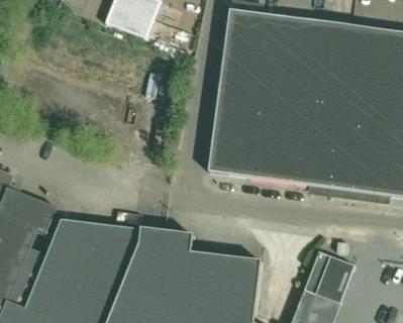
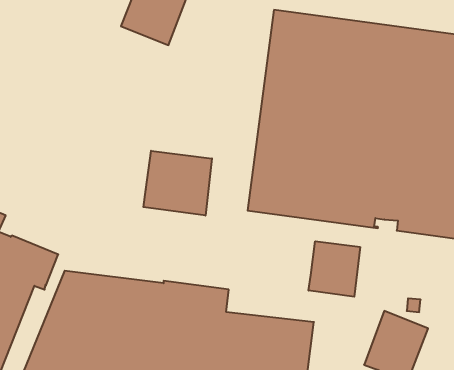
building: none -> [143,151,212,216]
building: none -> [309,241,360,297]

